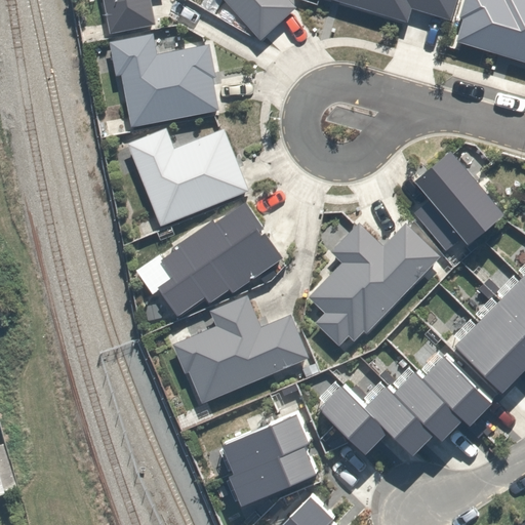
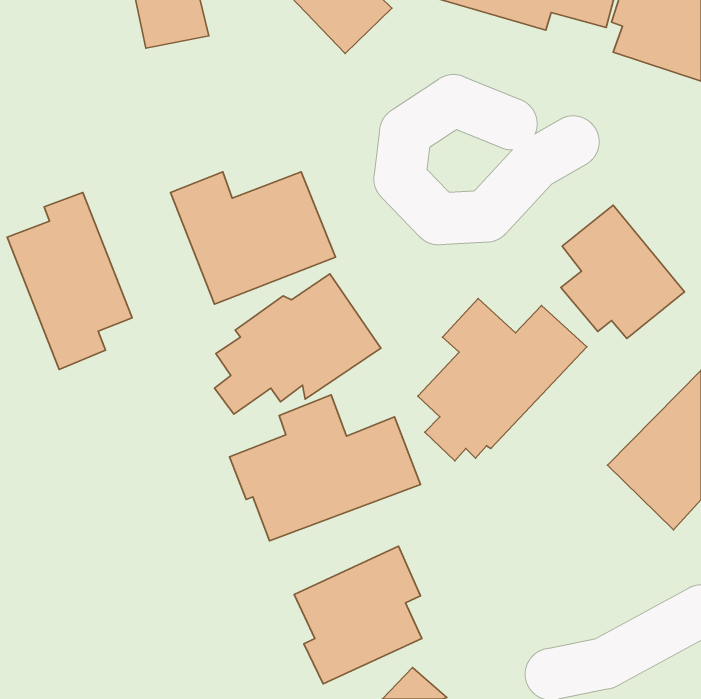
building: [109,34,217,126] -> none
building: none -> [7,193,132,369]
building: [313,356,497,461] -> none

